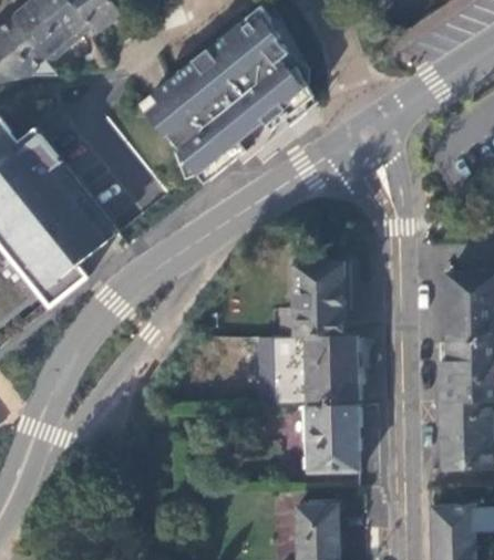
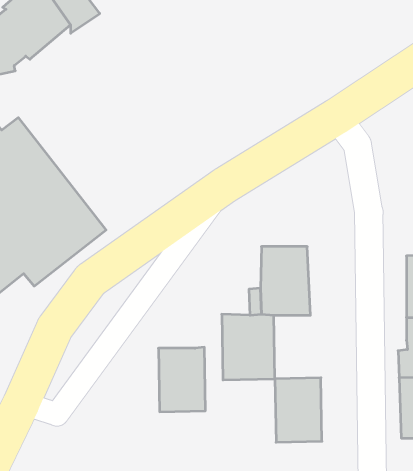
building: [145,6,308,185] -> none
building: [307,334,357,403] -> [158,347,205,412]

